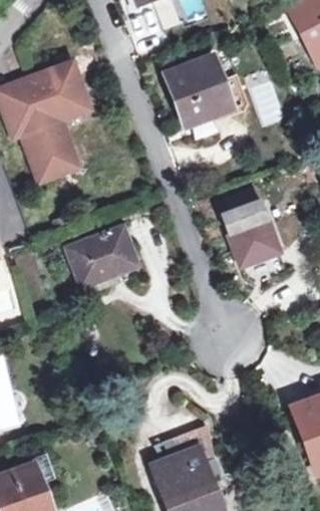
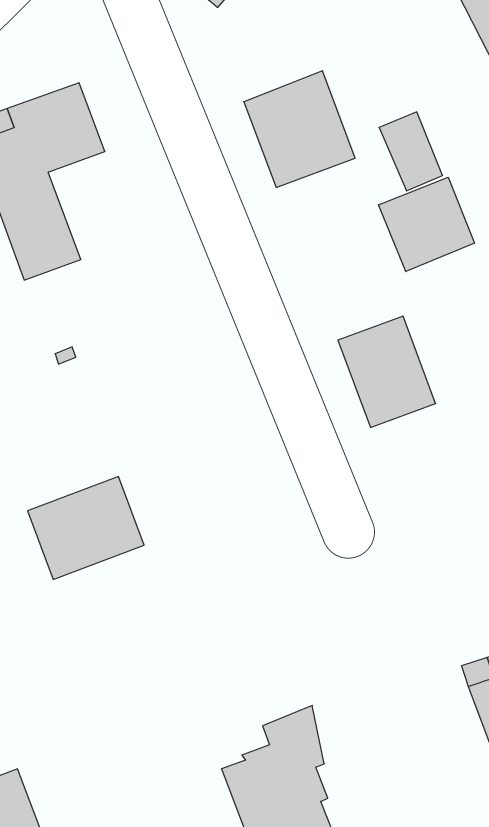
building: none -> [378,177,474,272]
building: [68,227,136,287] -> [28,477,144,579]

